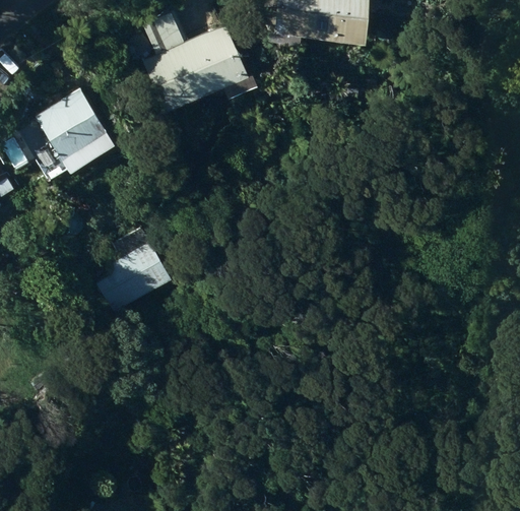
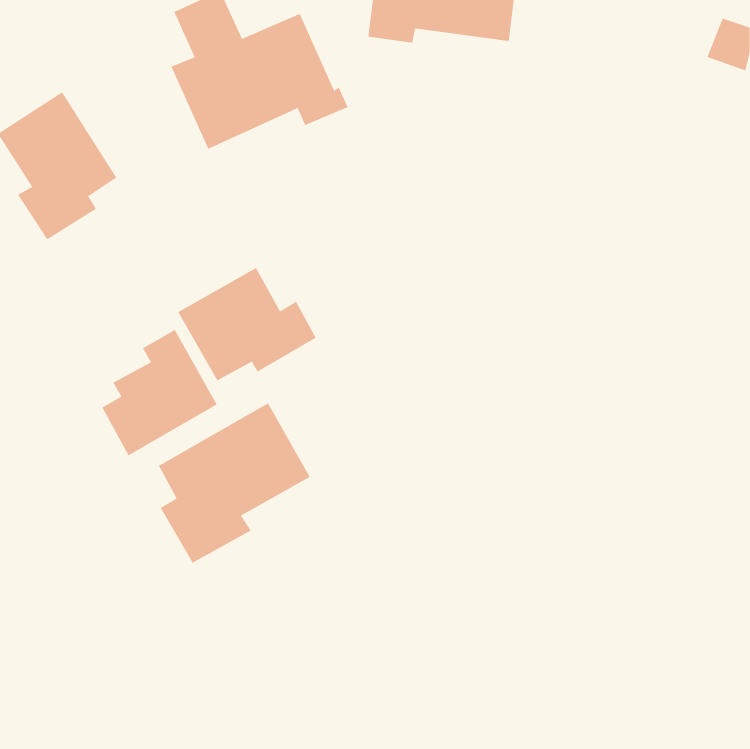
building: none -> [178,267,316,381]
building: none -> [158,402,310,563]

